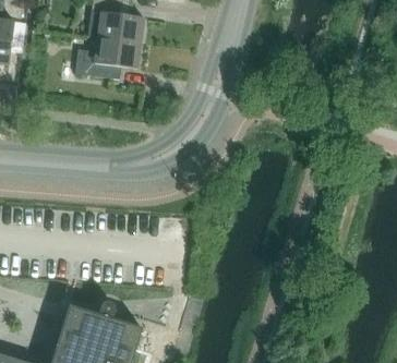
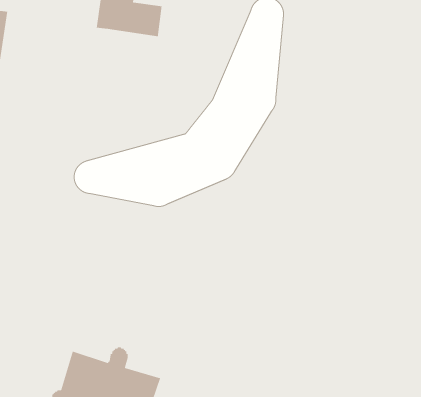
building: [76,37,142,77] -> none

